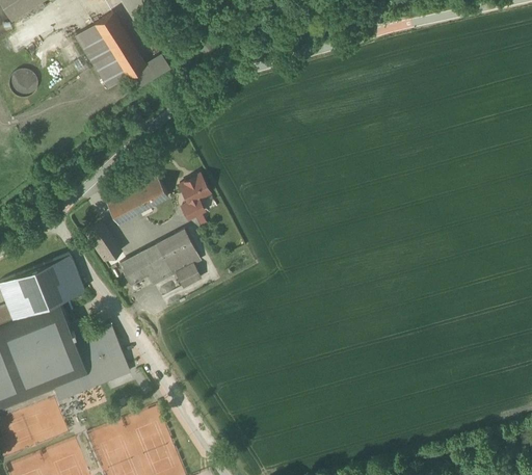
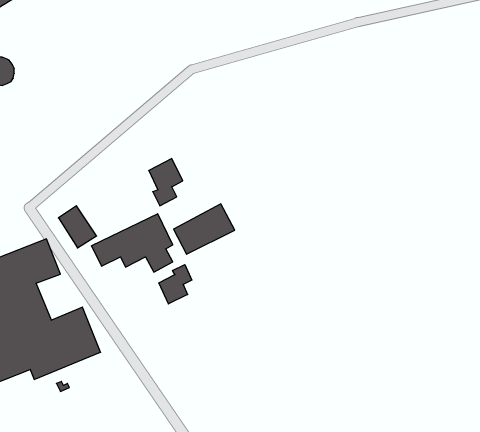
building: [73,11,172,90] -> none
building: [107,173,170,225] -> [174,204,235,254]
building: none -> [159,265,192,304]

